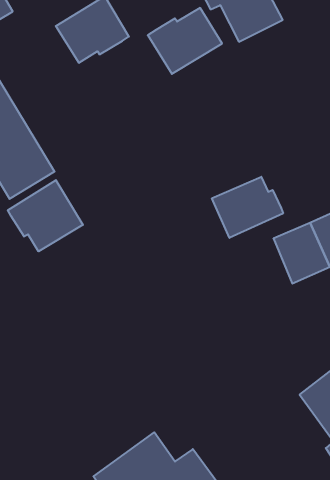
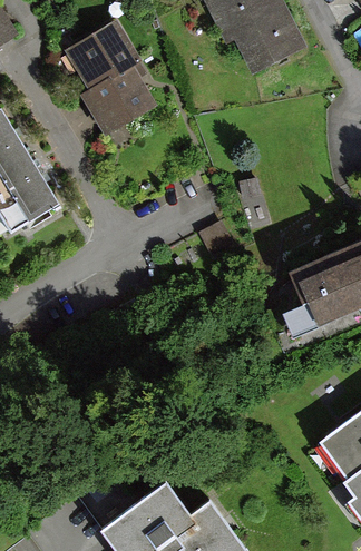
building: [148,8,222,74] -> [78,68,157,138]
building: [212,177,283,238] -> none
building: [8,180,83,251] -> none

